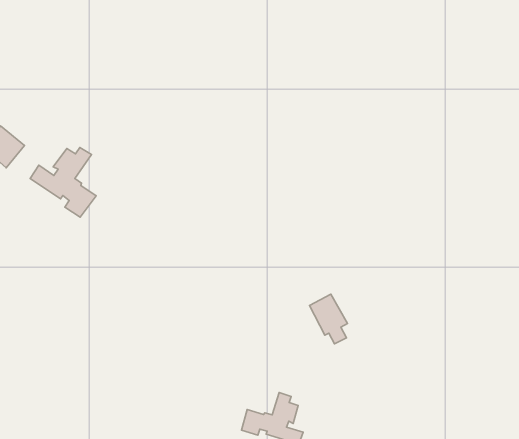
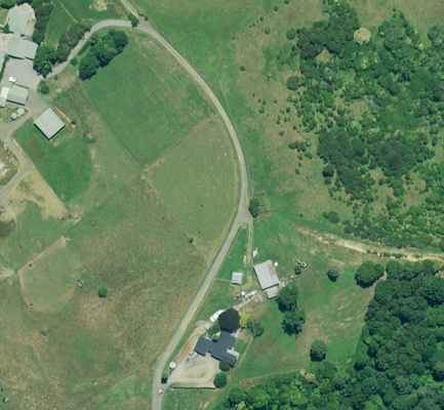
building: [30,147,96,217] -> none

